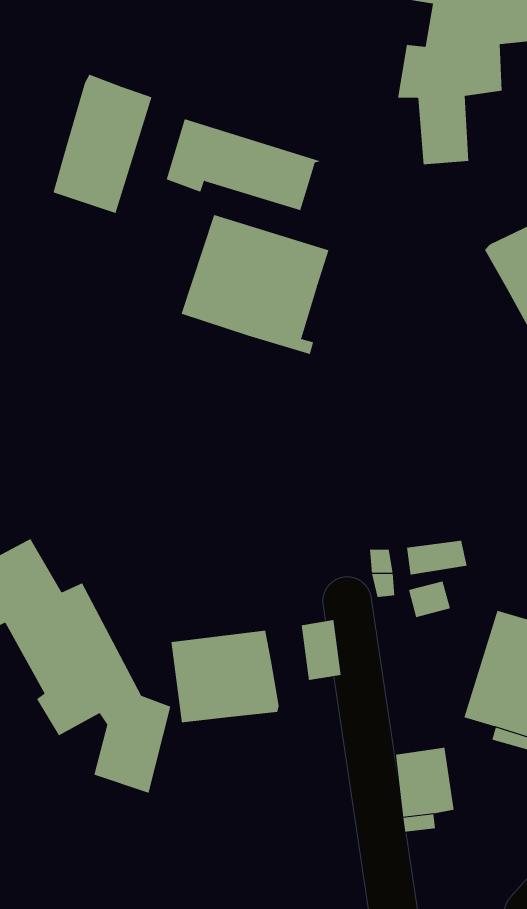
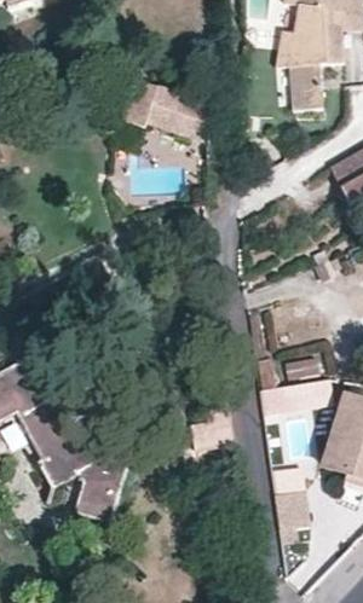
building: [53,74,152,214] -> none
building: [181,214,329,355] -> none
building: [171,630,279,723] -> none

